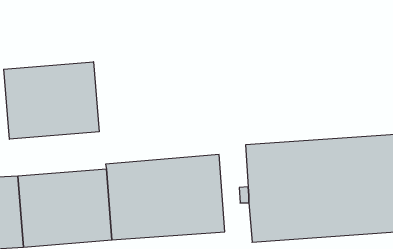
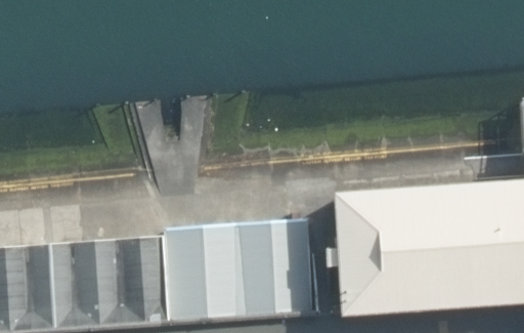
building: [4,62,99,139] -> none

